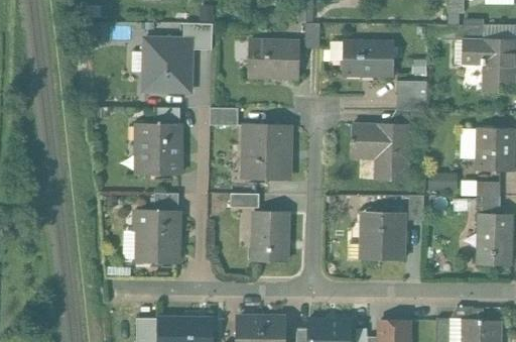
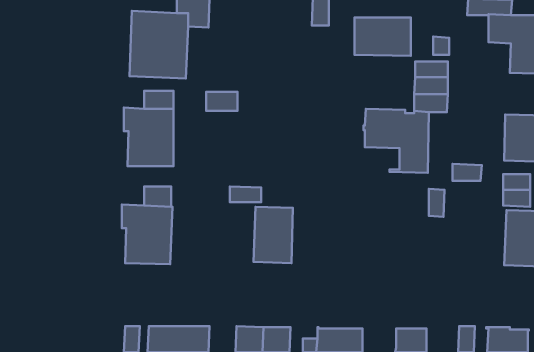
building: [248,40,299,78] -> none
building: [243,124,289,179] -> none
building: [361,211,404,260] -> none

